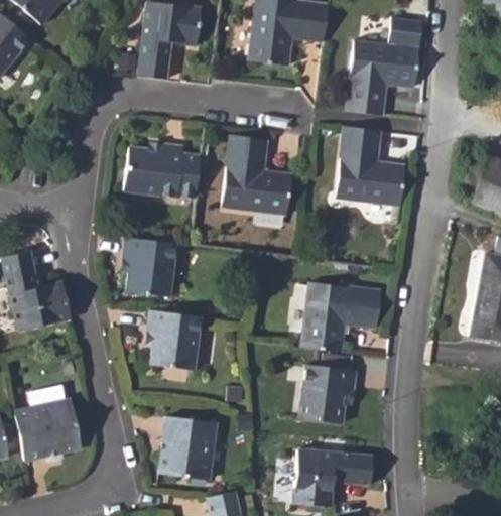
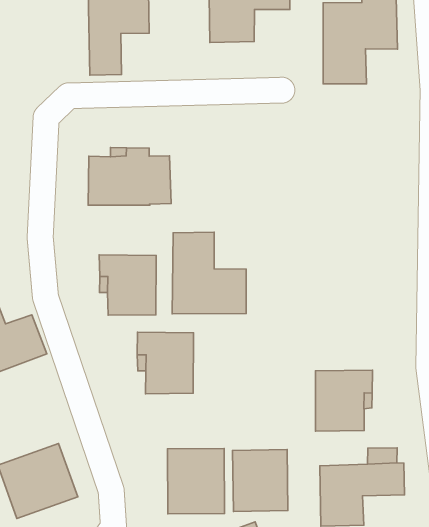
building: [336,126,405,205] -> none
building: [221,135,291,215] -> [172,232,246,314]
building: [301,280,381,351] -> none
building: none -> [233,449,288,512]

